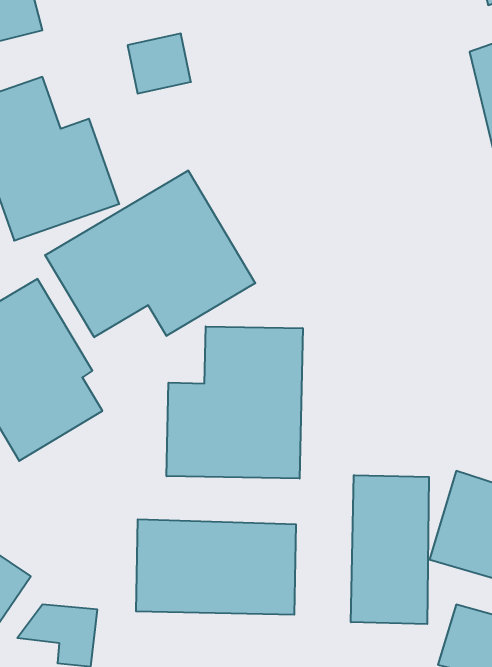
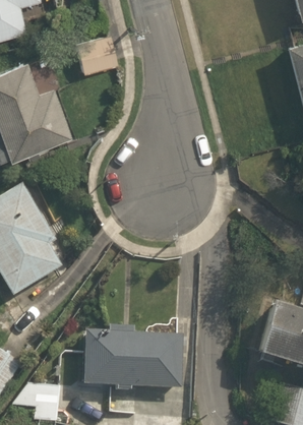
building: [45,170,255,337] -> none
building: [167,326,303,479] -> none
building: [351,475,429,624] -> none

